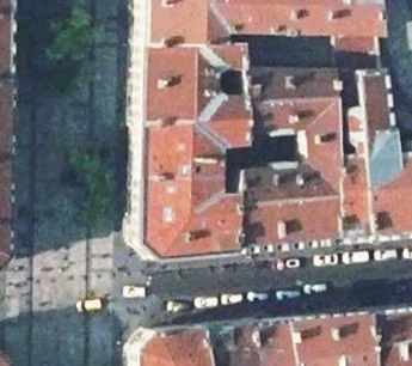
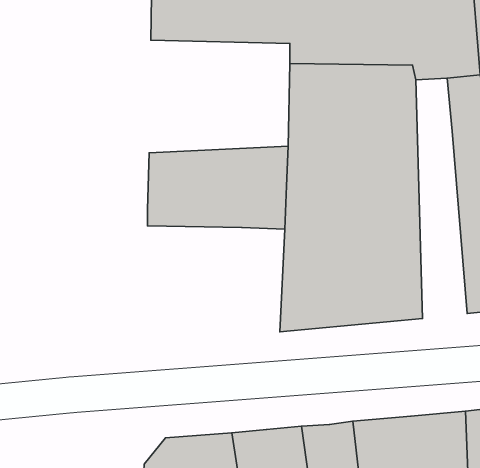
building: [141,41,242,122] -> none
building: [333,68,370,242] -> none
building: [139,175,239,258] -> none

